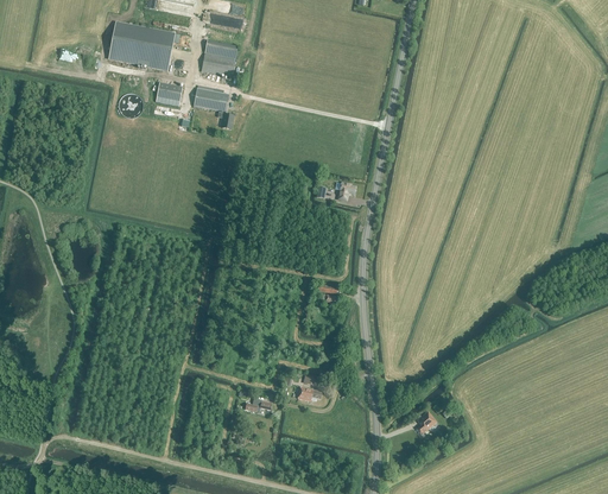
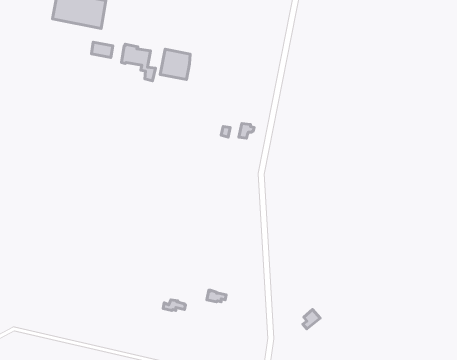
building: [201,40,238,77] -> [160,49,190,79]

